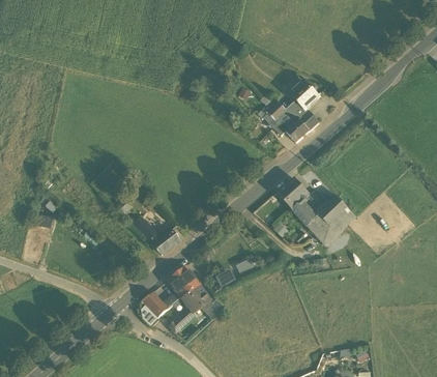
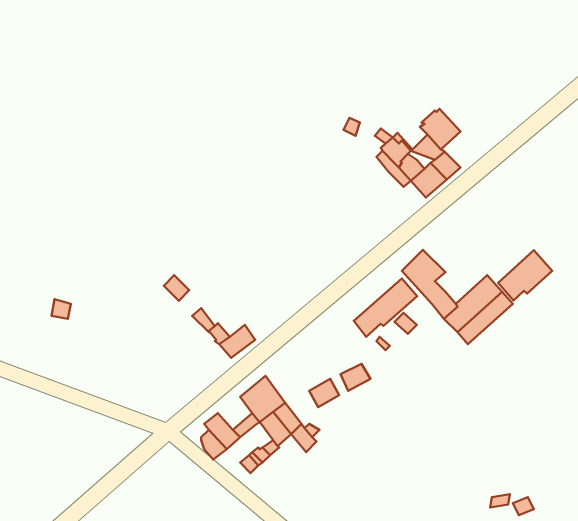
building: none -> [498,250,552,301]
building: none -> [354,279,417,337]

